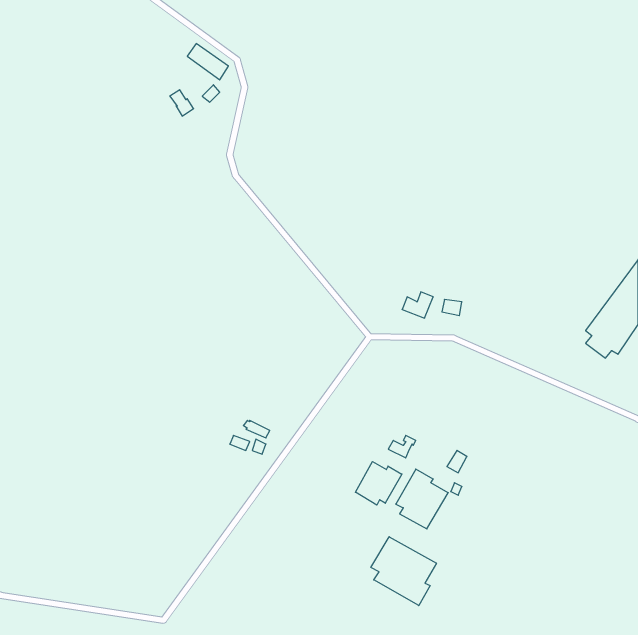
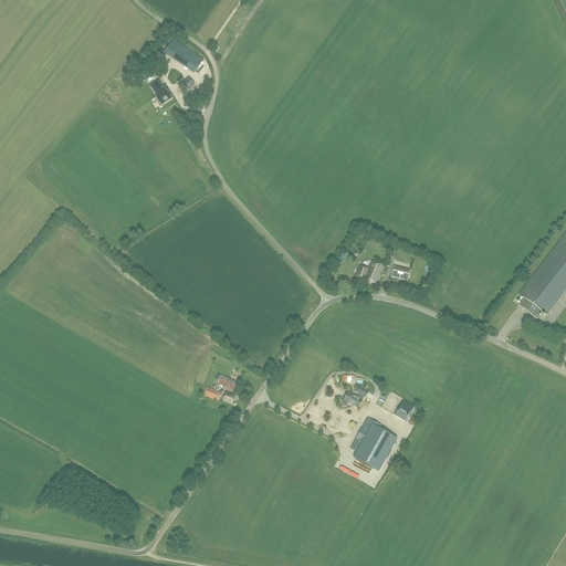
building: [355,462,402,505] -> none
building: [371,537,436,606] -> none

